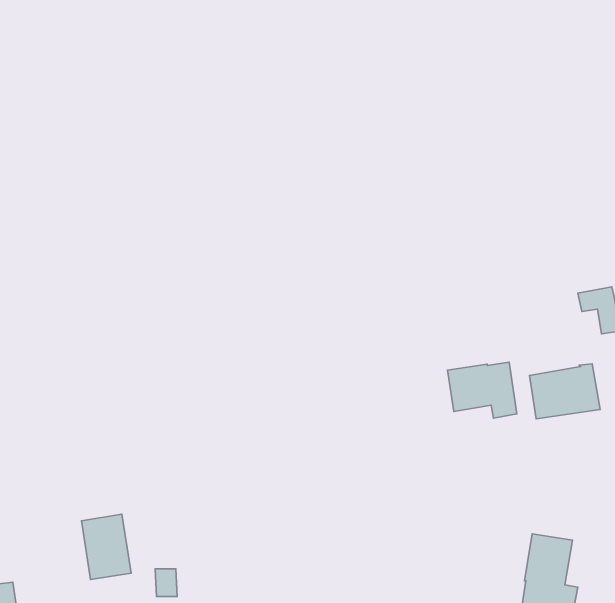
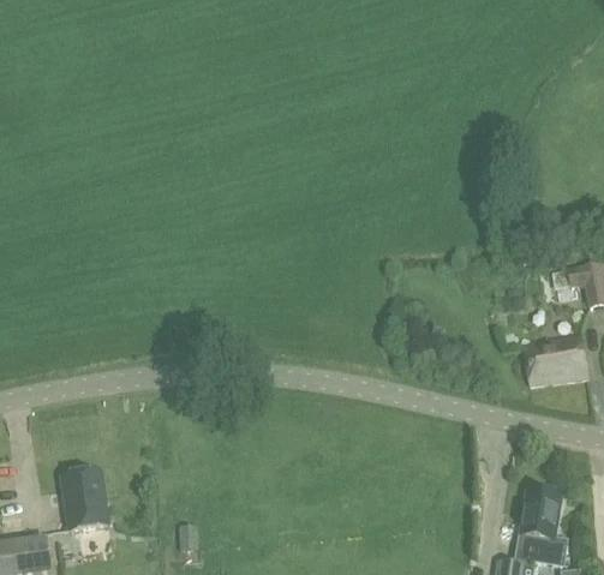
building: [448,362,517,418] -> none
building: [81,514,131,580] -> [61,471,107,531]

